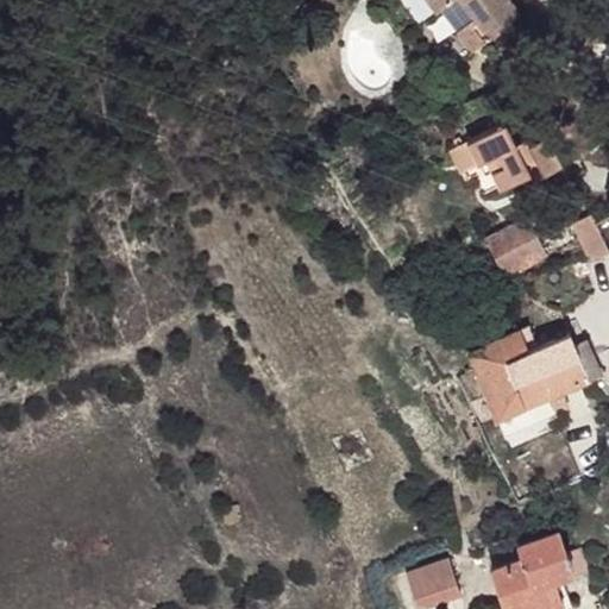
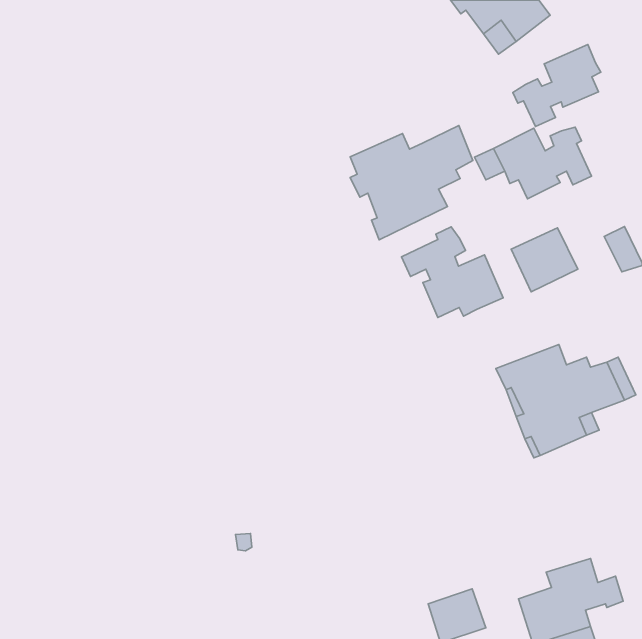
building: none -> [513,44,601,127]
building: none -> [350,125,473,240]
building: none -> [401,227,503,317]

